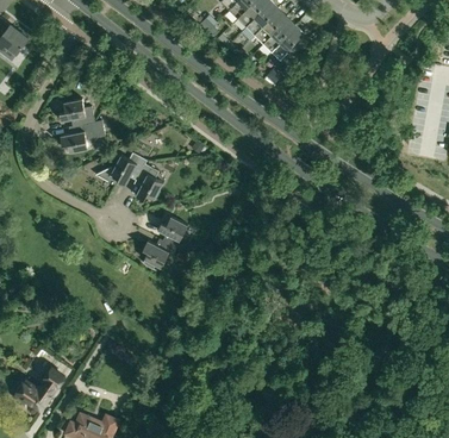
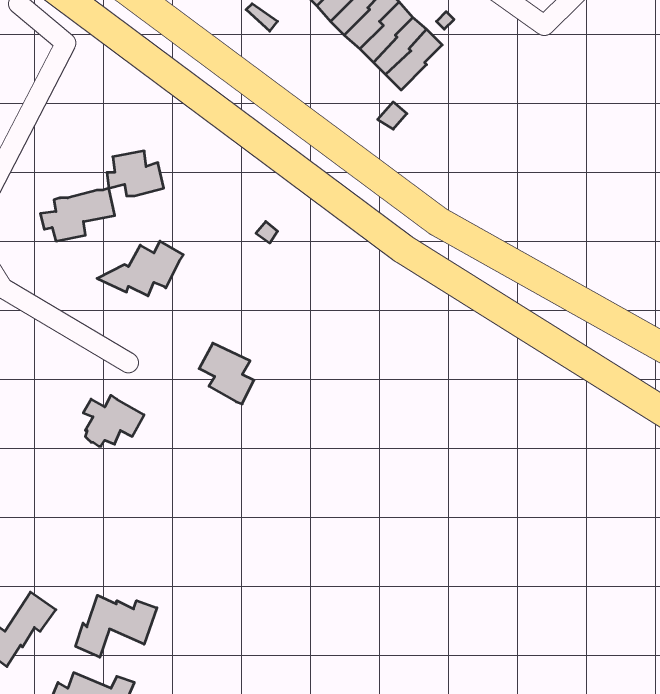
building: [60,99,94,126] -> [107,151,164,196]
building: [133,164,162,200] -> none
building: [142,238,179,269] -> [83,395,144,446]
building: none -> [76,595,157,657]

